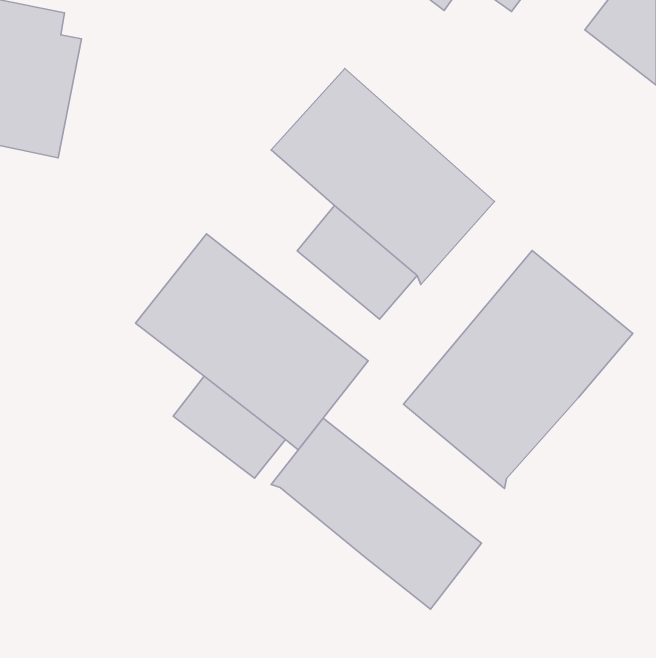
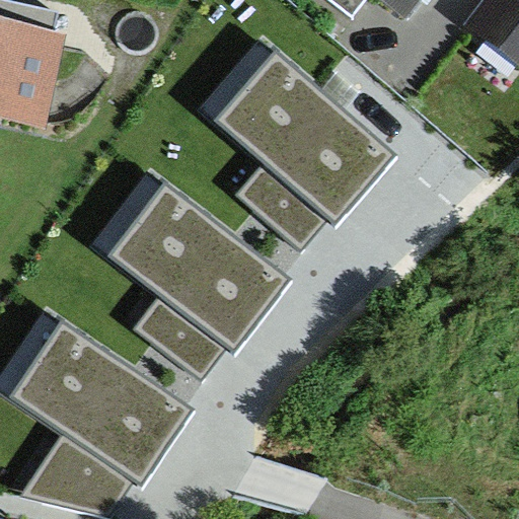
building: [403,250,633,488] -> none
building: none -> [6,315,192,511]
building: [271,418,481,609] -> none

